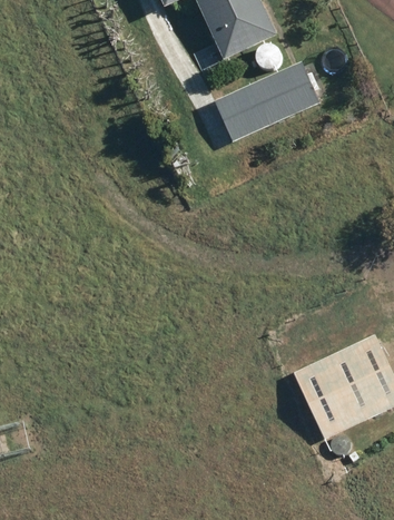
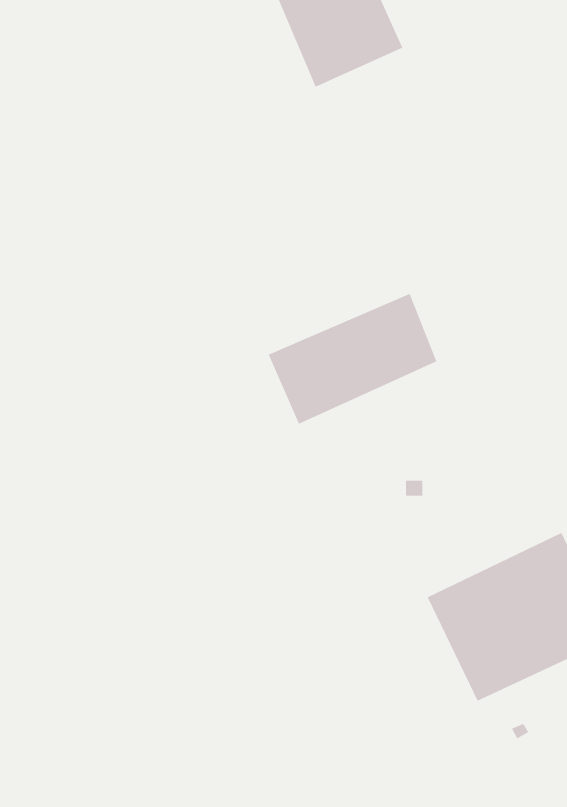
building: [210,61,315,143] -> [268,293,437,425]

